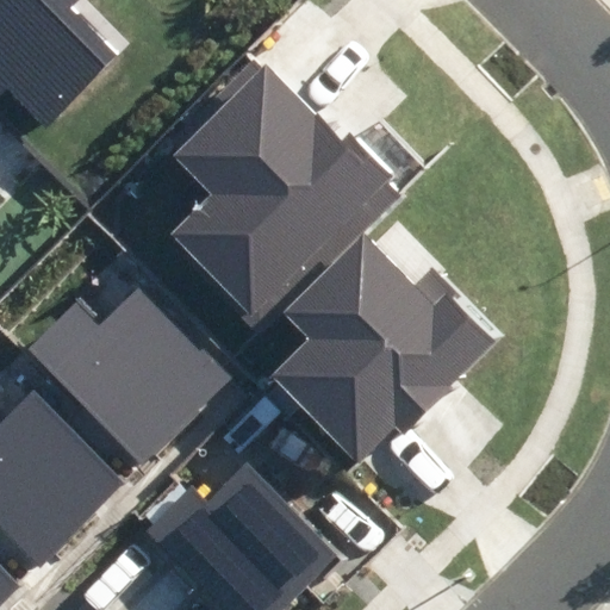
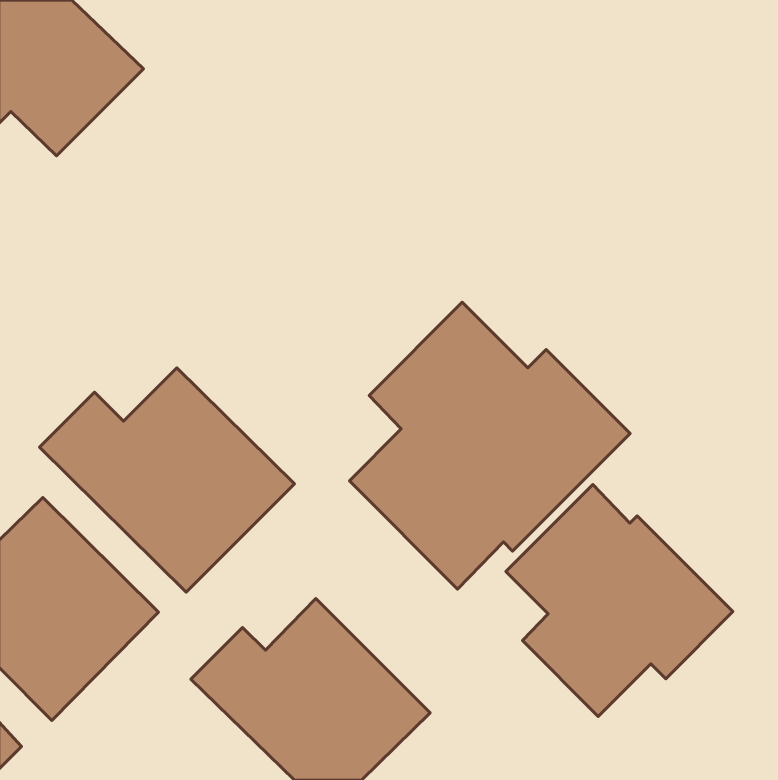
building: [170,69,392,317] -> none
building: none -> [506,485,733,716]

